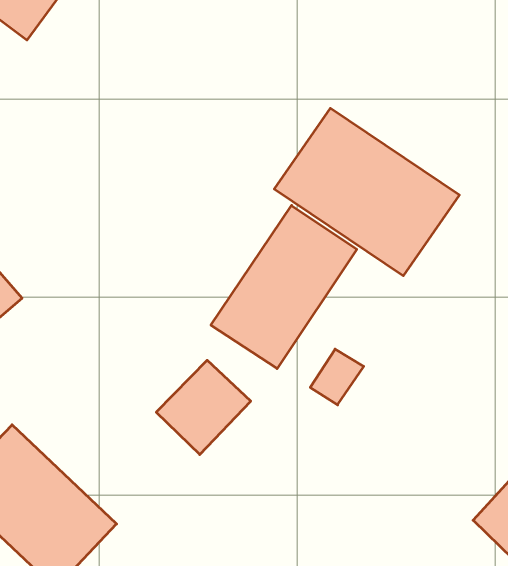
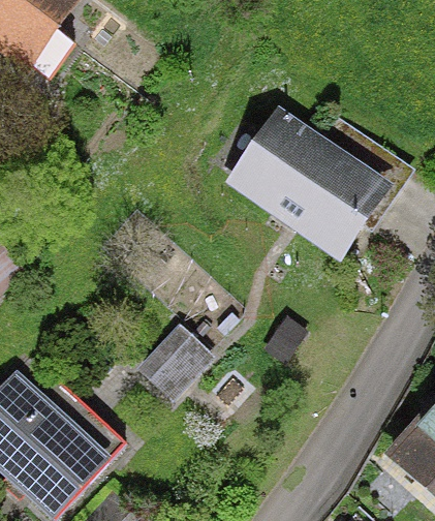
building: [211,205,357,369] -> none

